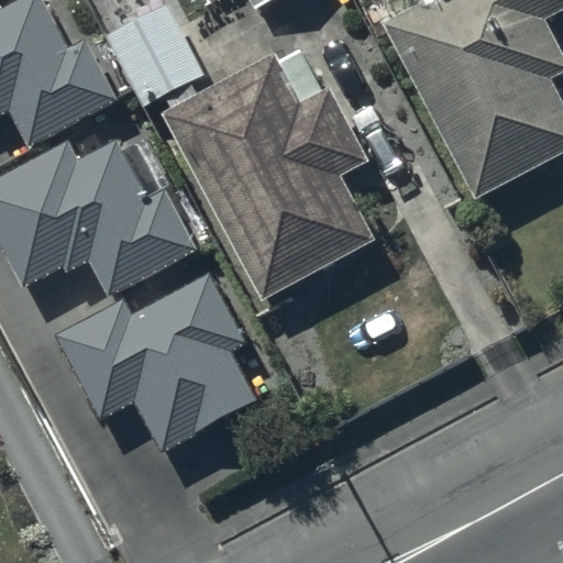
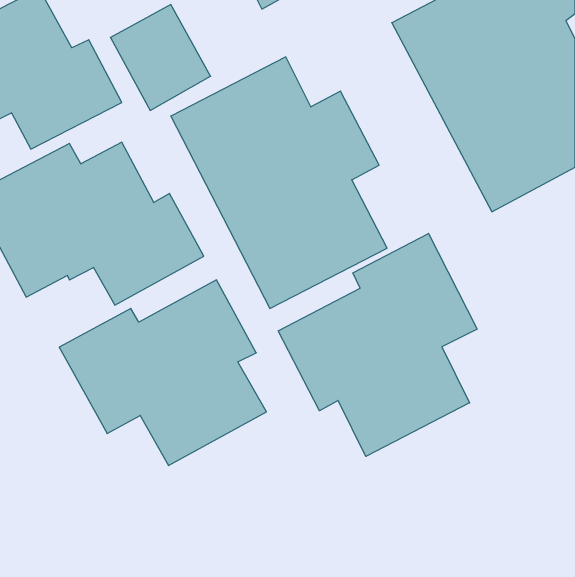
building: none -> [278,233,477,456]

